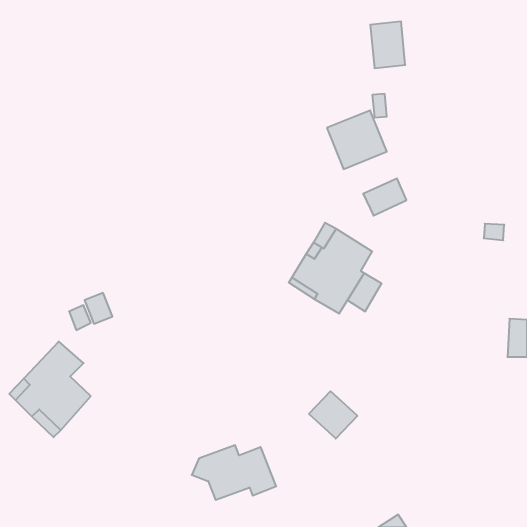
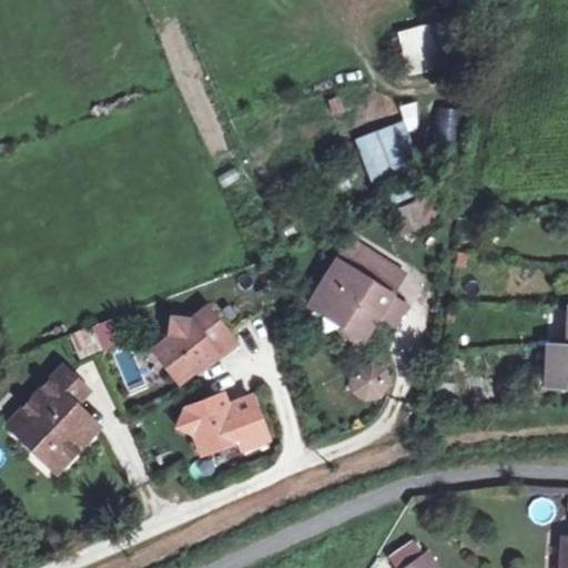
building: none -> [154,306,236,382]
building: [309,391,357,439] -> [343,353,395,404]
building: [192,445,276,500] -> [178,394,268,453]

